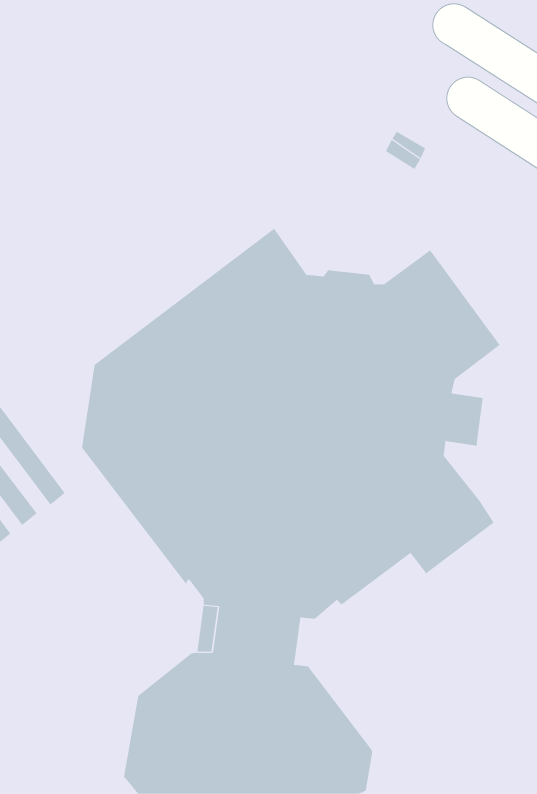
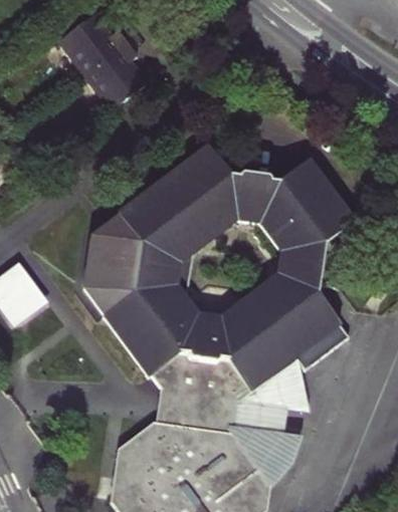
building: none -> [59,16,146,111]
building: none -> [219,360,308,483]

